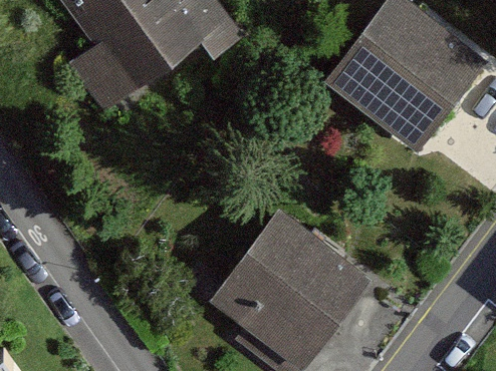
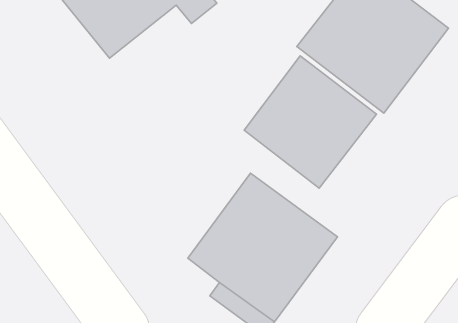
building: none -> [244,56,376,188]

